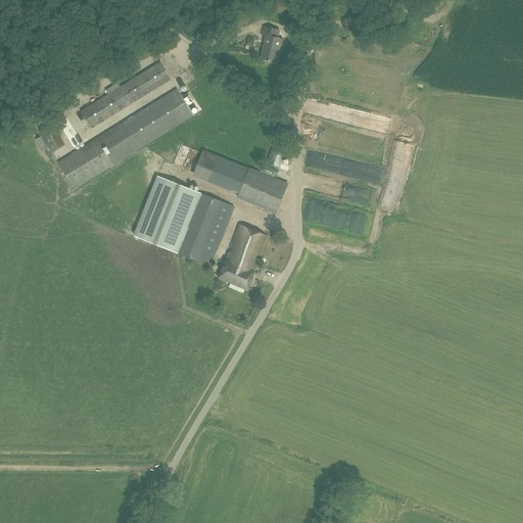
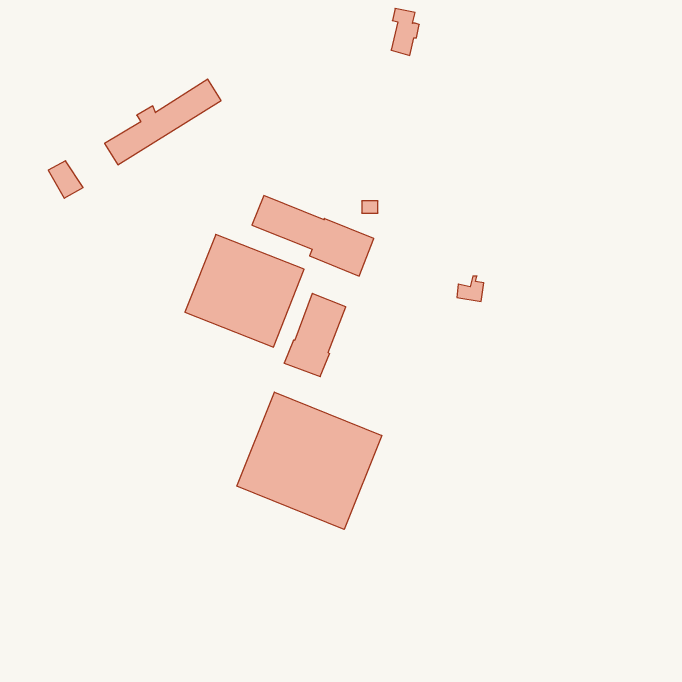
building: [259,26,281,61] -> [391,8,419,55]
building: [57,87,194,187] -> none
building: none -> [237,392,382,529]

